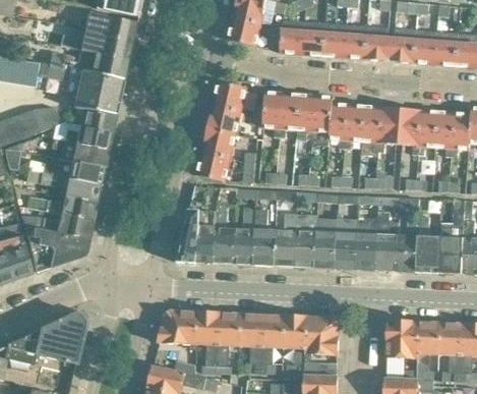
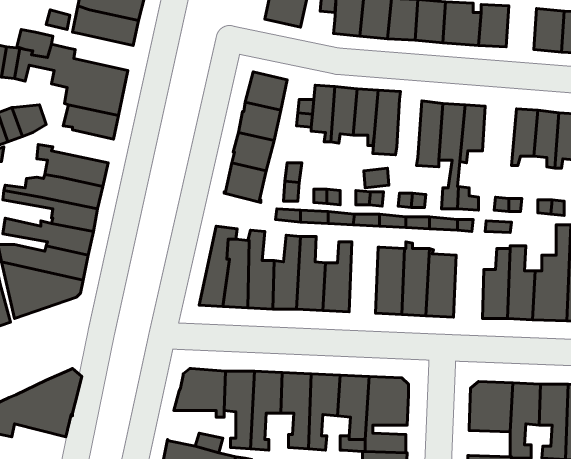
building: [414,31,437,64] -> none
building: [76,51,126,80] -> none
building: [330,103,349,148] -> none
building: [396,108,422,154] -> none
building: [63,126,111,152] -> none
building: [373,211,398,272] -> none
building: [293,213,317,268] -> none

